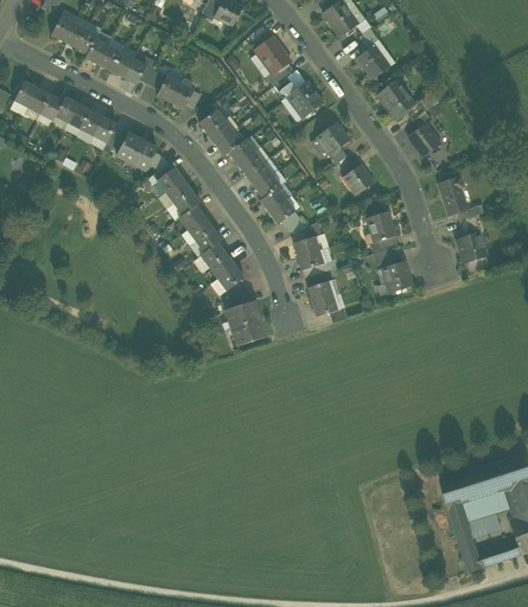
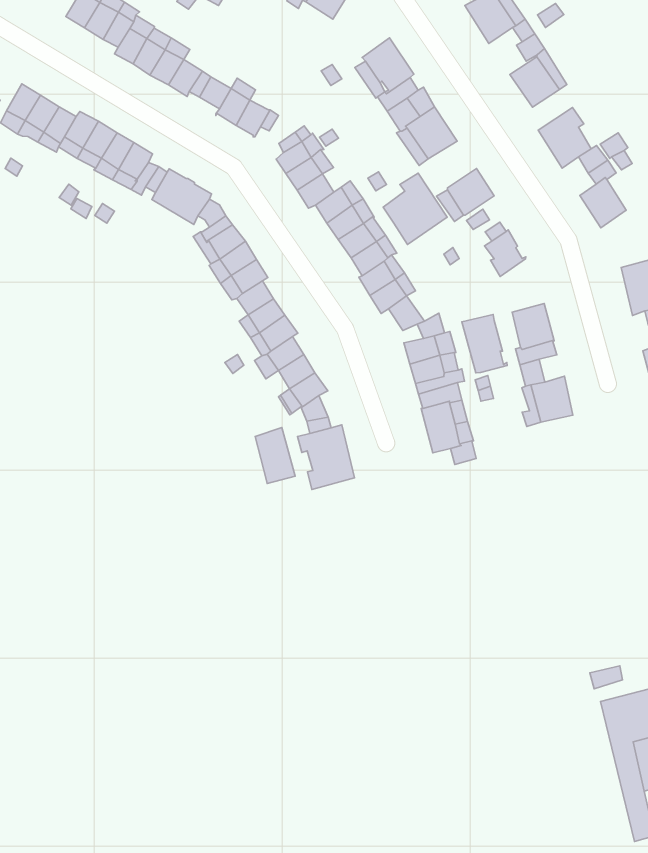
building: none -> [383,173,447,245]
building: none -> [462,315,507,373]
building: none -> [255,428,295,484]

